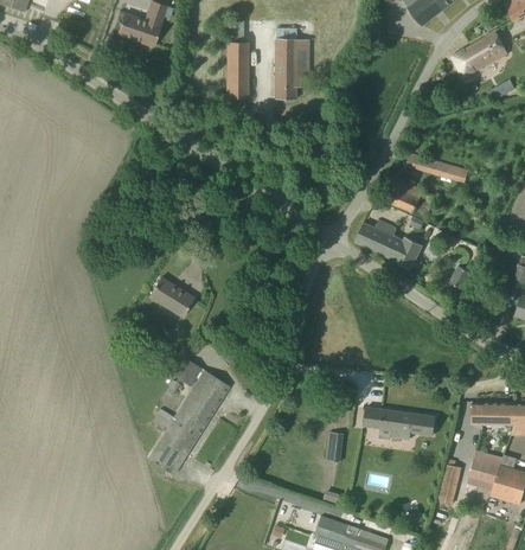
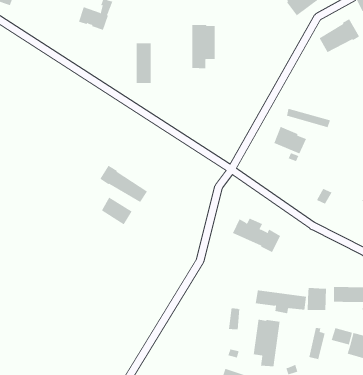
building: [226,41,248,98] -> [136,43,151,84]
building: [354,220,422,269] -> [232,218,281,253]
building: none -> [99,165,148,203]
building: [148,357,229,475] -> none
building: none -> [307,287,327,311]
building: none -> [253,319,280,367]

